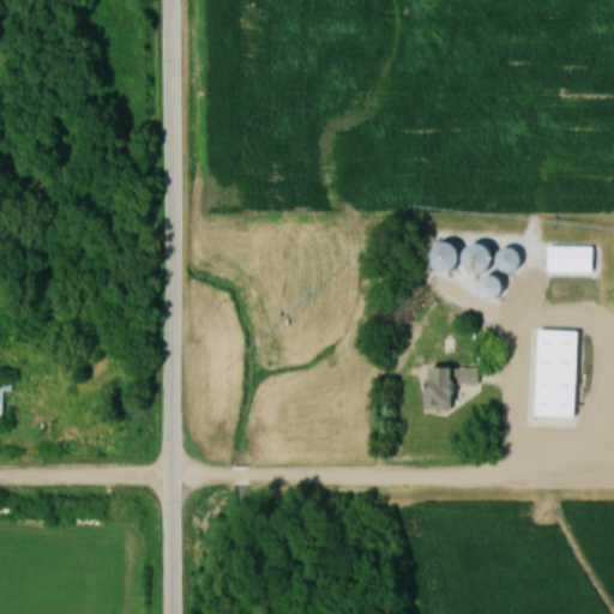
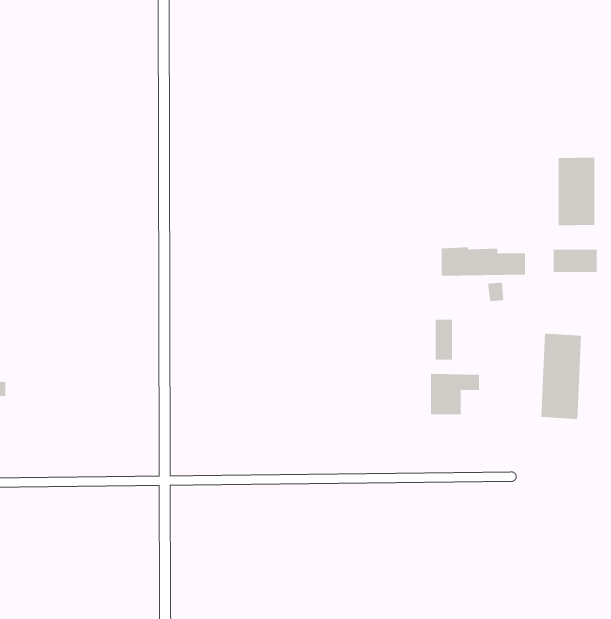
building: none -> [558,157,595,226]
building: none -> [435,319,452,360]

